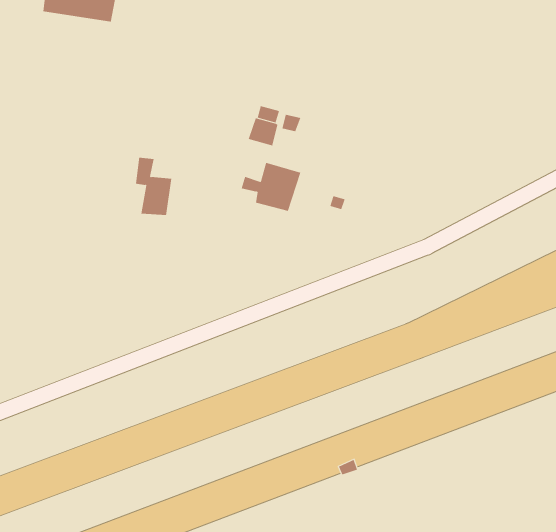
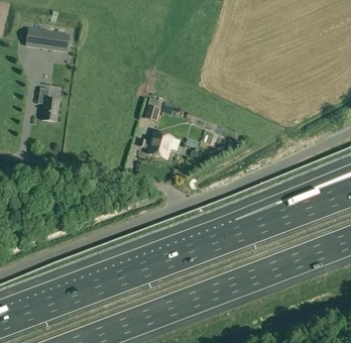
building: [135,157,172,216] -> [38,87,60,120]

